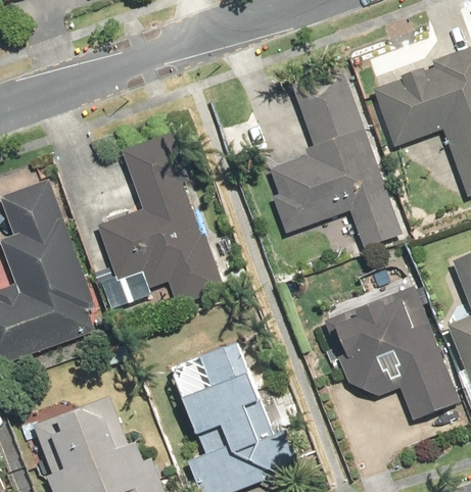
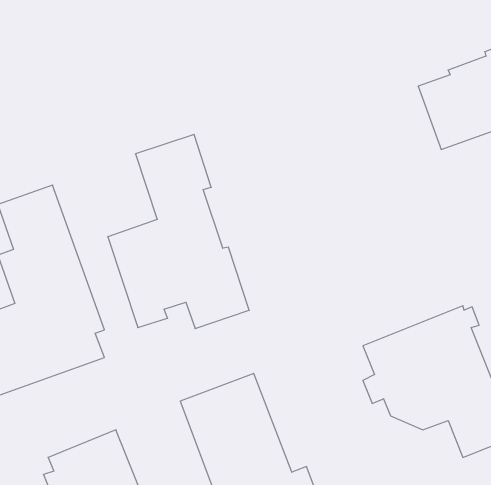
building: [271,67,402,247] -> none

